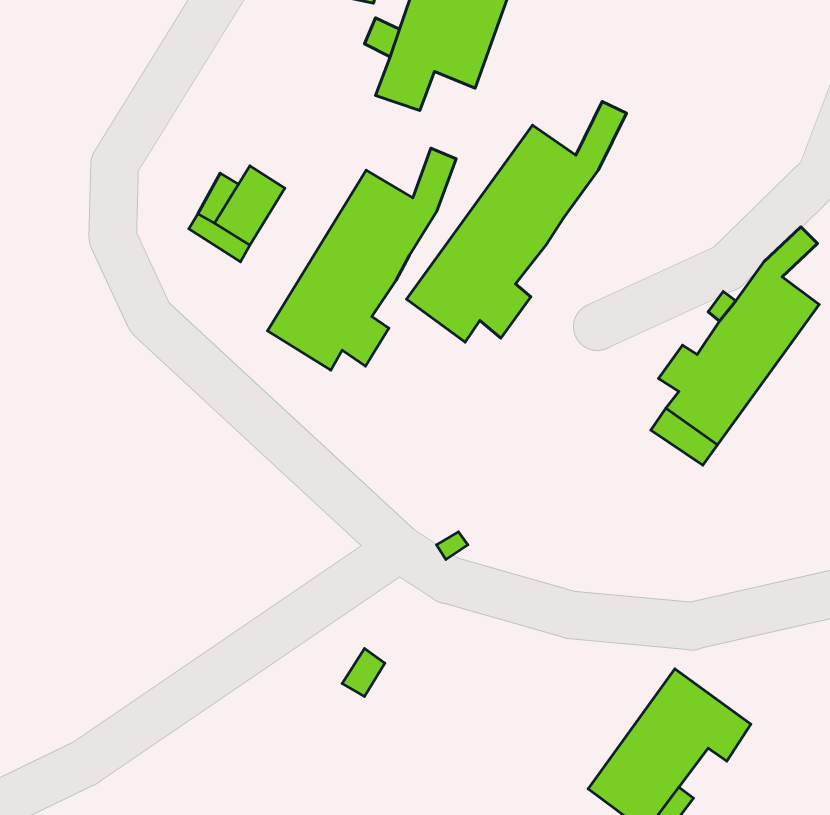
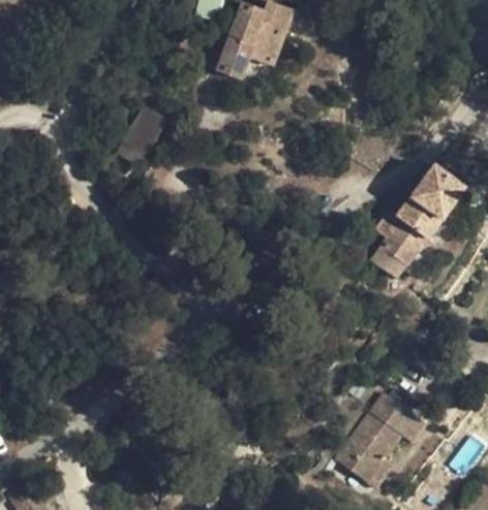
building: [407,101,626,342] -> none
building: [268,148,456,370] -> none

